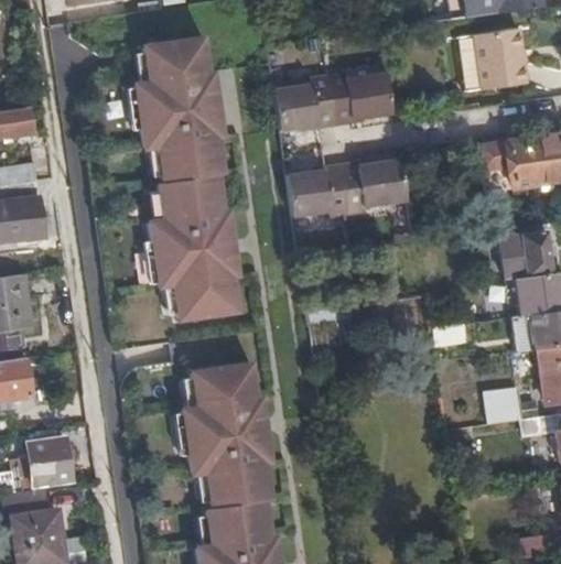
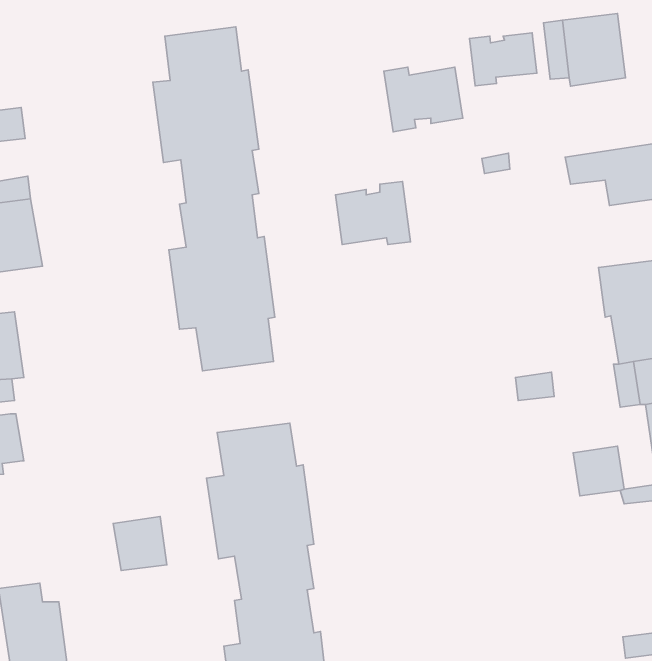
building: none -> [469,33,537,86]
building: [272,76,334,130] -> none
building: [342,160,407,216] -> none
building: [28,438,72,482] -> [113,517,167,570]

